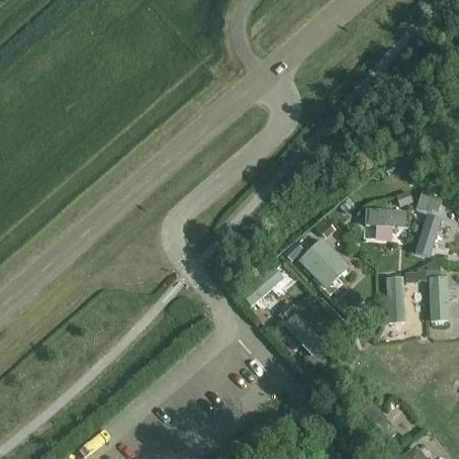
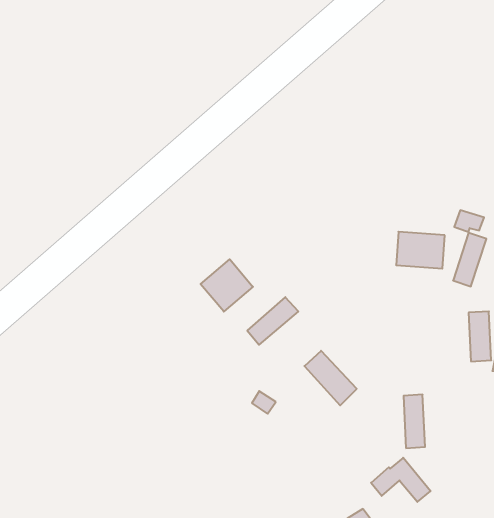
building: none -> [201,259,253,312]
building: [300,239,349,287] -> none
building: [385,274,403,319] -> [404,395,425,448]

